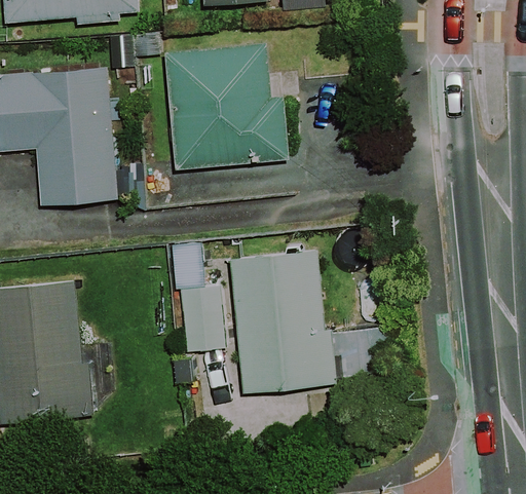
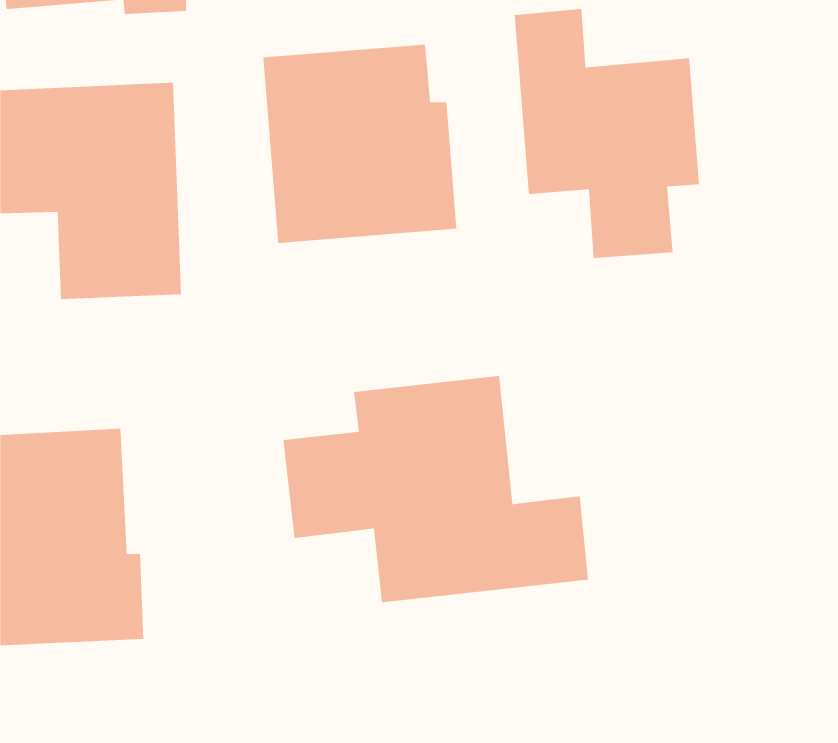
building: none -> [514,8,700,259]

